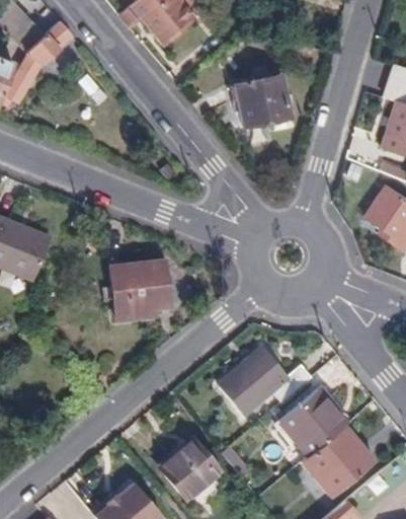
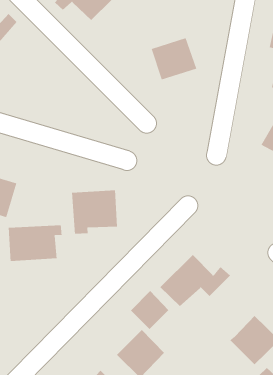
building: none -> [8,225,62,262]
building: none -> [130,290,169,330]
building: [278,390,345,457] -> none

